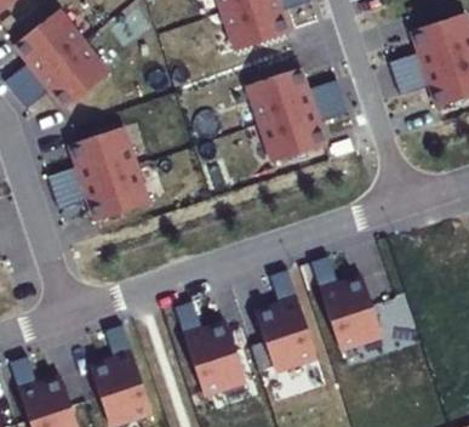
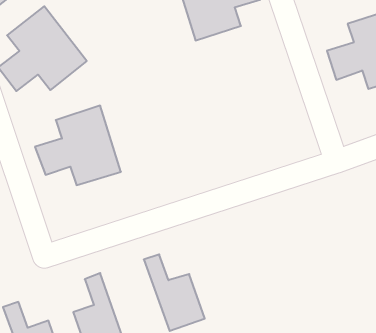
building: [247,70,348,164] -> none
building: [309,256,381,345] -> none
building: [256,269,316,368] -> none

